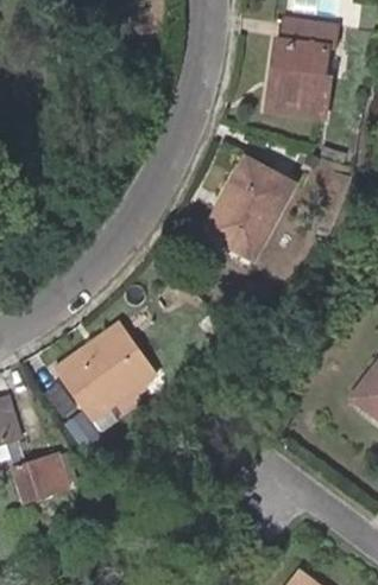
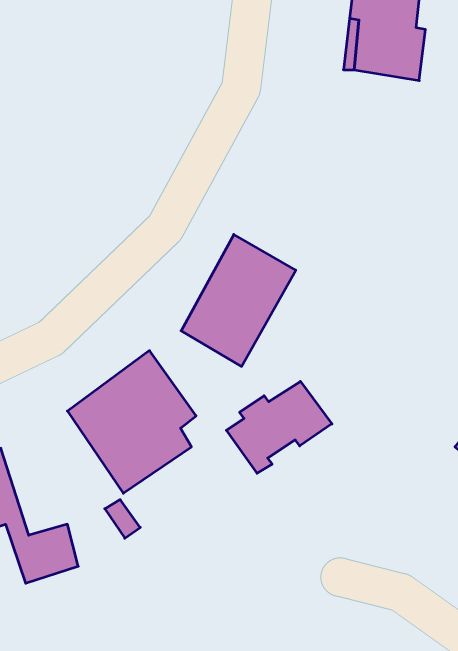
building: [206,157,294,257] -> [181,234,296,366]
building: none -> [226,381,332,473]

